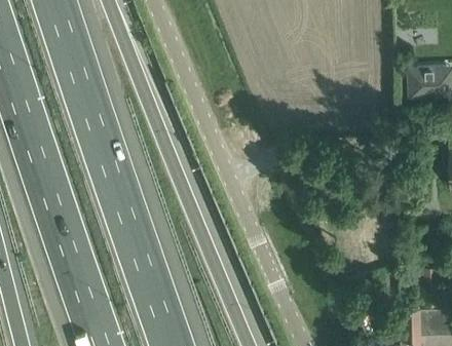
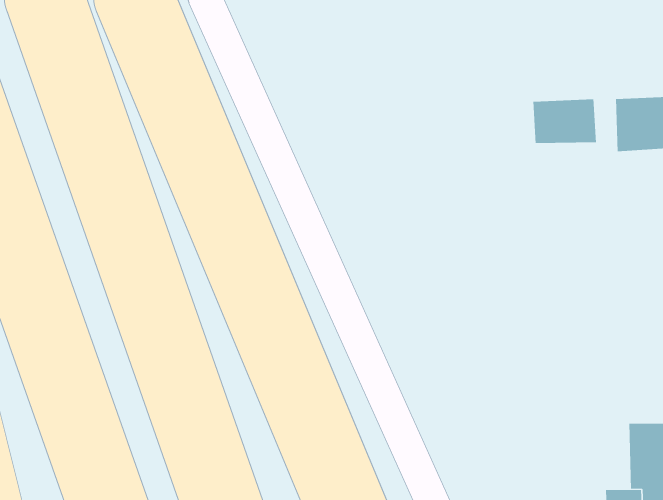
building: none -> [533,98,596,144]

